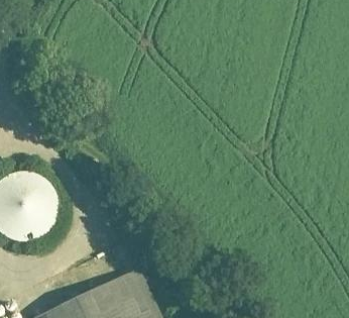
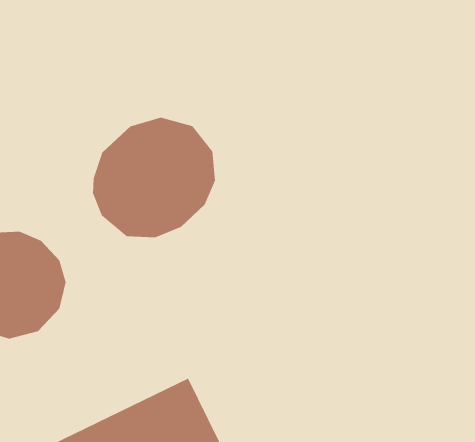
building: none -> [92,117,216,238]

